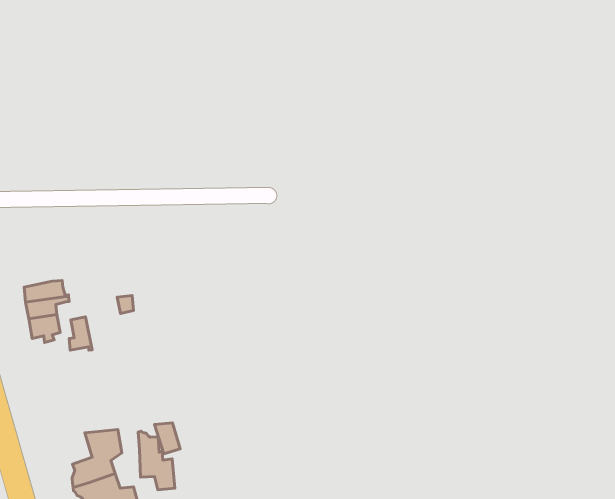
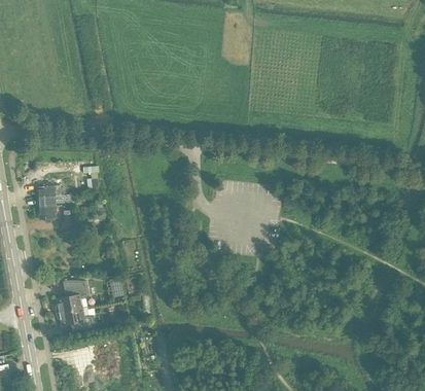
building: [138,431,175,490] -> none

